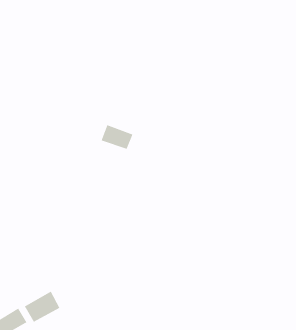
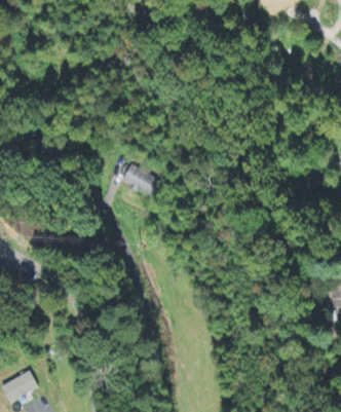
building: [24,291,60,323] -> none

